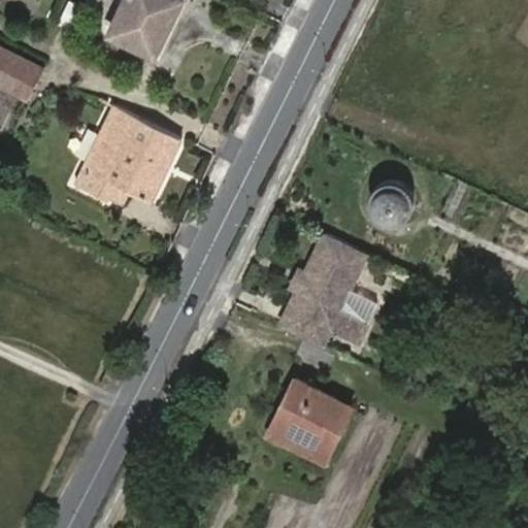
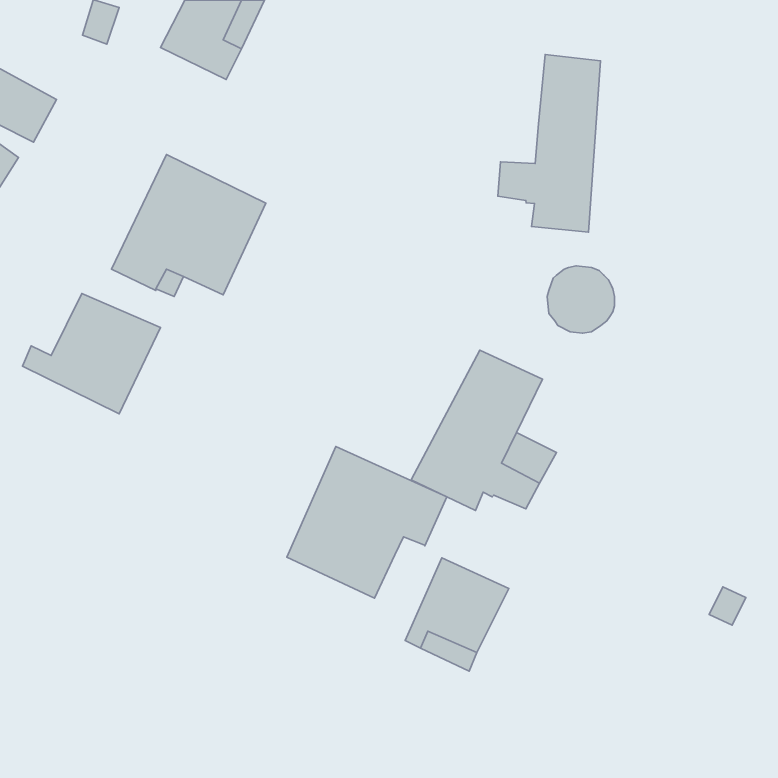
building: none -> [498,54,601,232]
building: none -> [22,294,161,414]
building: none -> [287,447,447,598]

